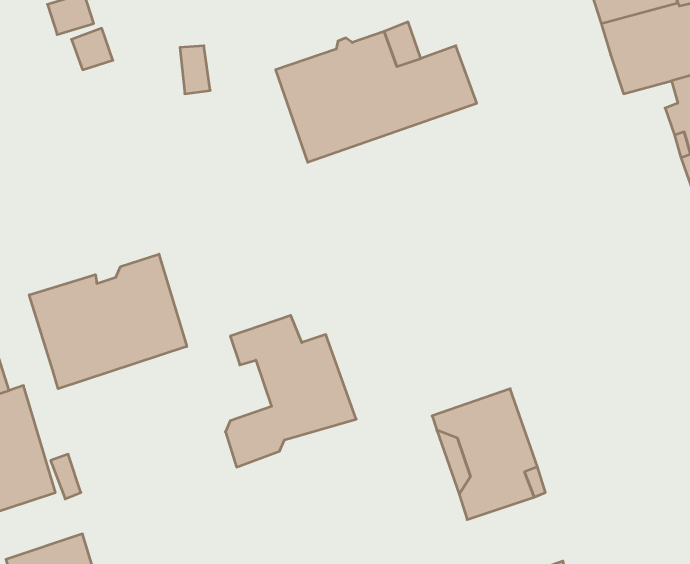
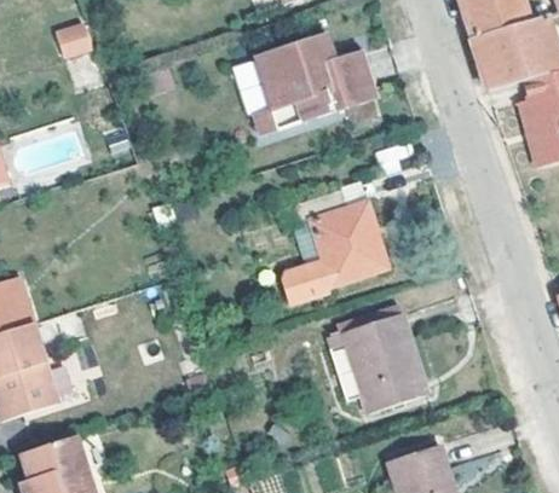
building: [29,254,187,389] -> none
building: [225,315,356,467] -> [288,187,387,302]

